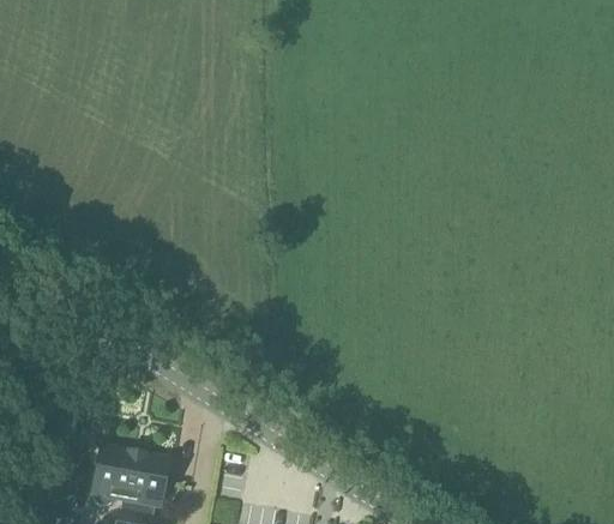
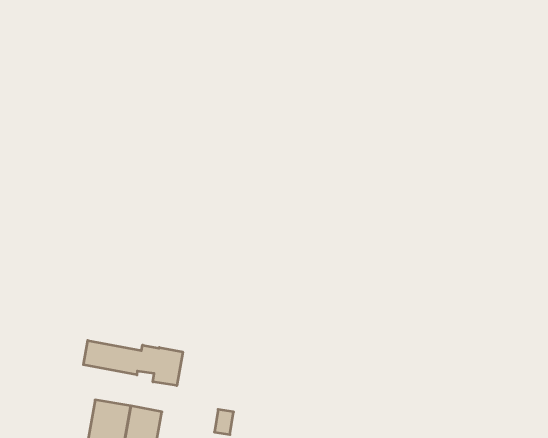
building: none -> [83,340,183,386]

